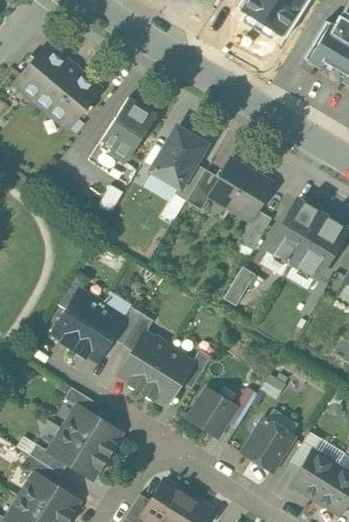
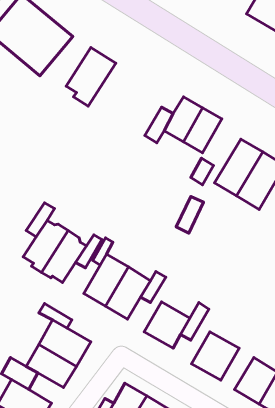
building: [152,129,205,189] -> none

